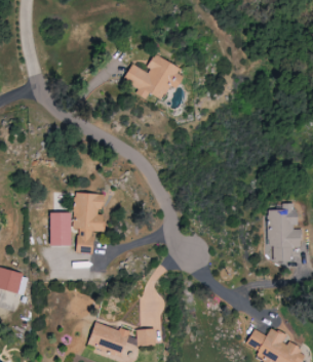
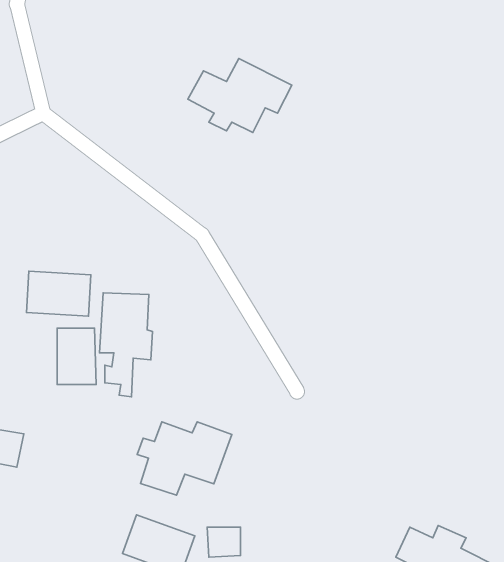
building: none -> [27,271,91,316]
building: [270,203,299,260] -> none
building: none -> [137,422,232,495]

